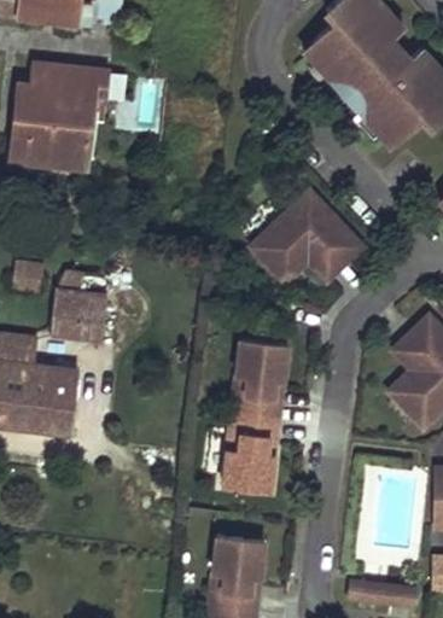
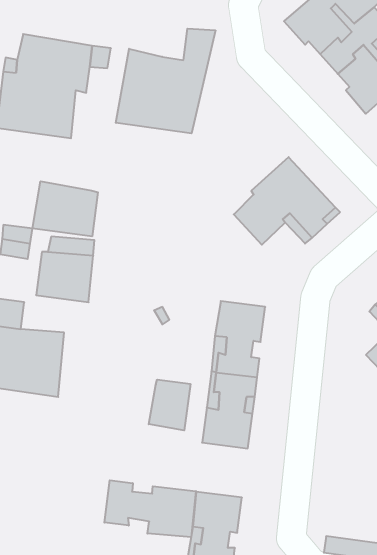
building: none -> [116,29,215,133]
building: none -> [32,181,98,236]
building: none -> [149,380,190,430]
building: none -> [104,480,196,537]

